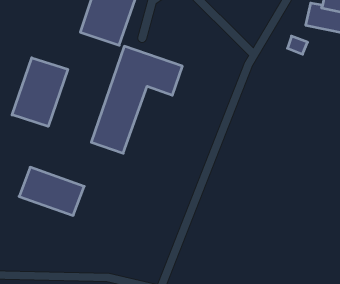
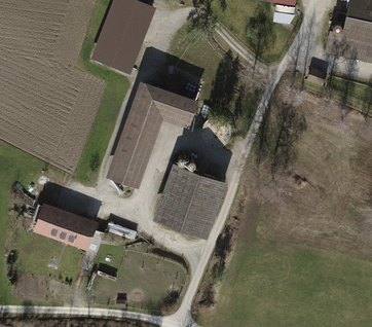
building: [12,58,68,126] -> none
building: none -> [152,160,227,237]

